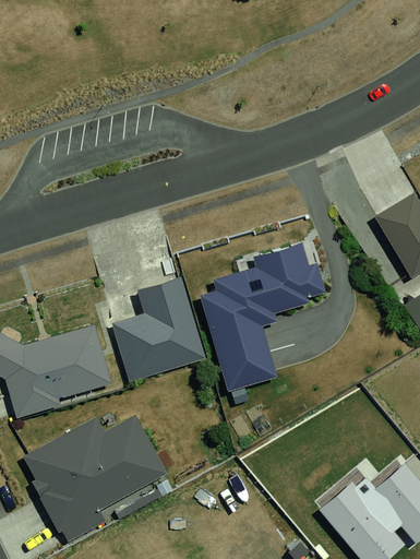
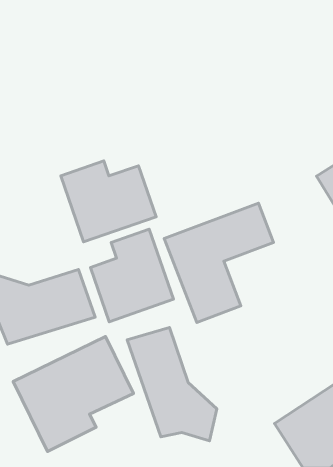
building: none -> [61,161,156,242]
building: none -> [127,327,217,441]

